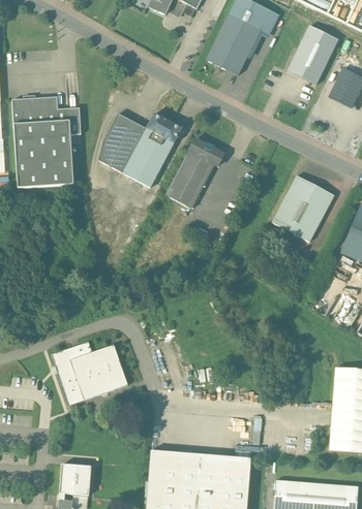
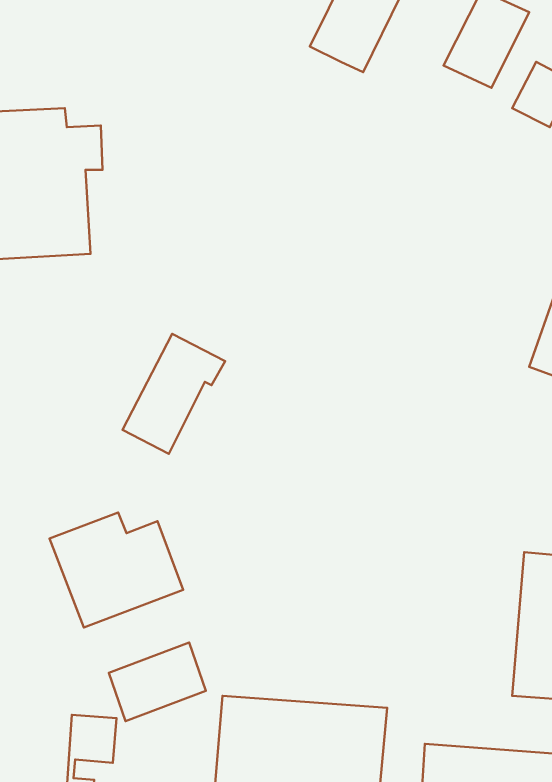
building: [101,109,183,186] -> none
building: [165,136,228,209] -> [122,334,225,454]
building: [274,174,336,242] -> none
building: none -> [109,642,206,721]

